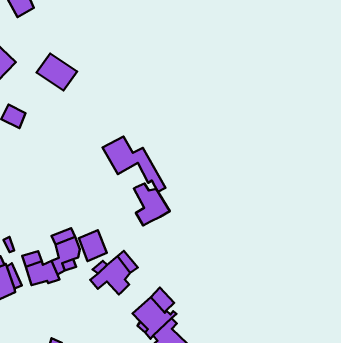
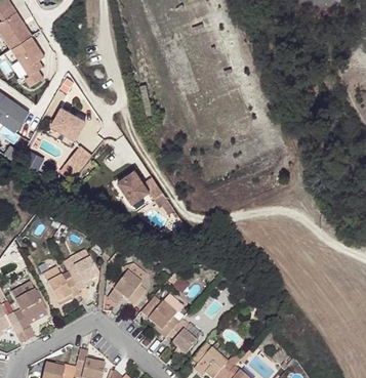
building: none -> [62,139,89,169]
building: [134,183,170,226] -> none
building: [79,230,107,261] -> none

